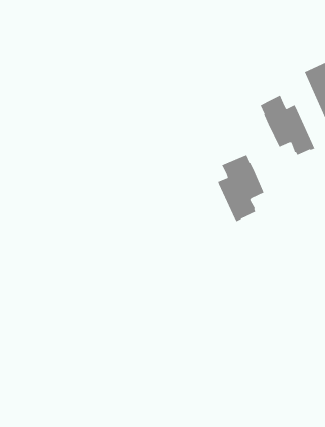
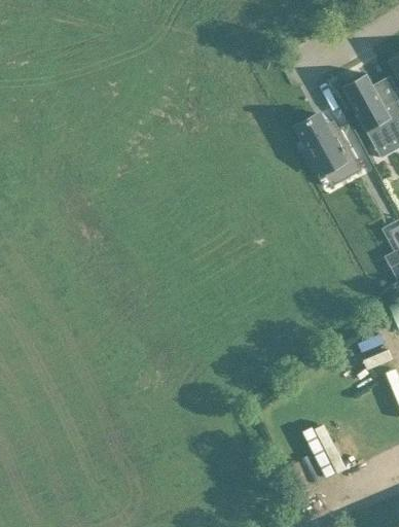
building: [217,154,265,223] -> none

